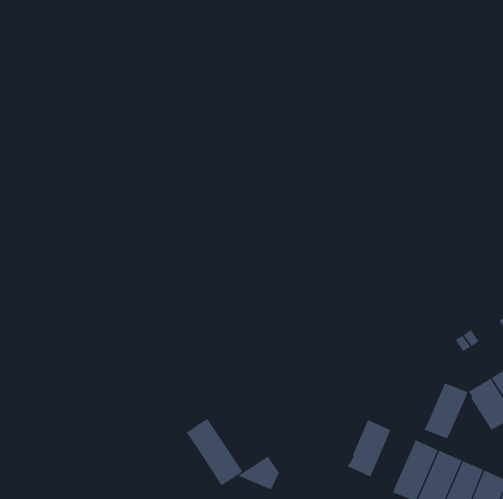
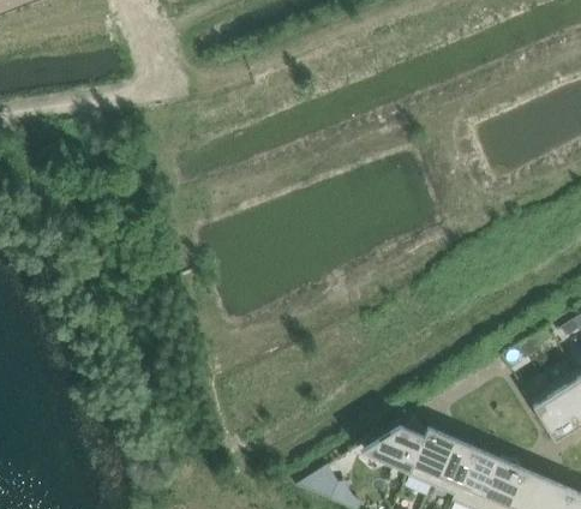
building: [424,382,468,439] -> [432,437,477,495]
building: none -> [361,420,429,471]
building: [186,418,244,486] -> none

